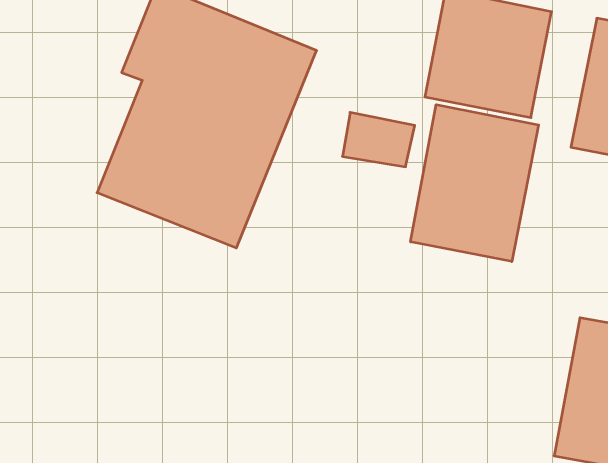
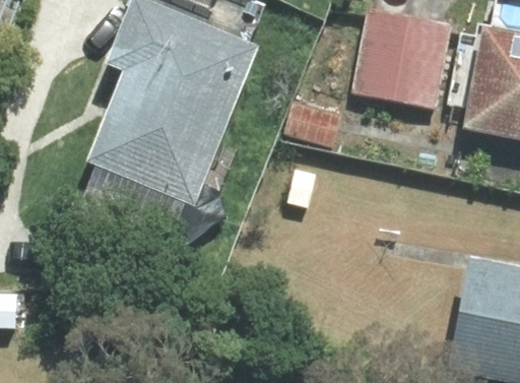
building: [411,105,539,262] -> none

